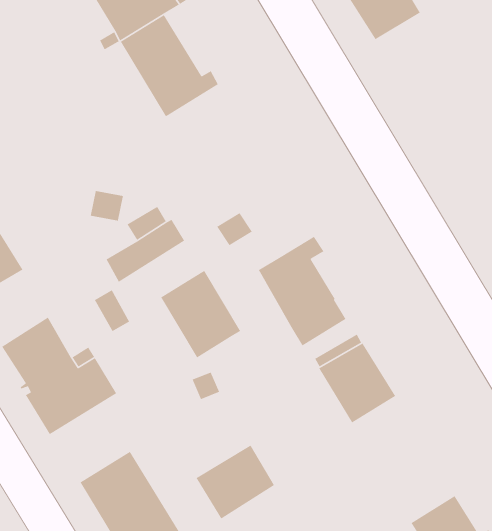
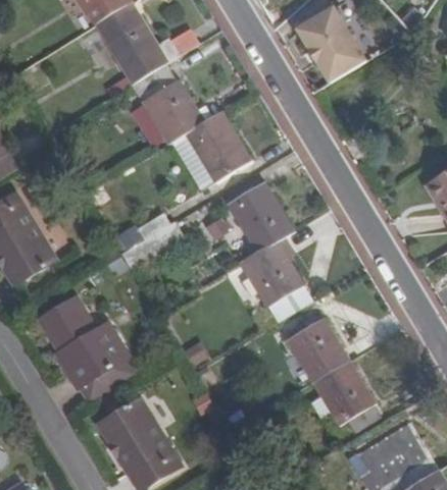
building: none -> [169,109,251,186]
building: [160,270,241,358] -> [229,180,292,250]
building: none -> [313,359,380,431]
building: [195,444,275,520] -> none

